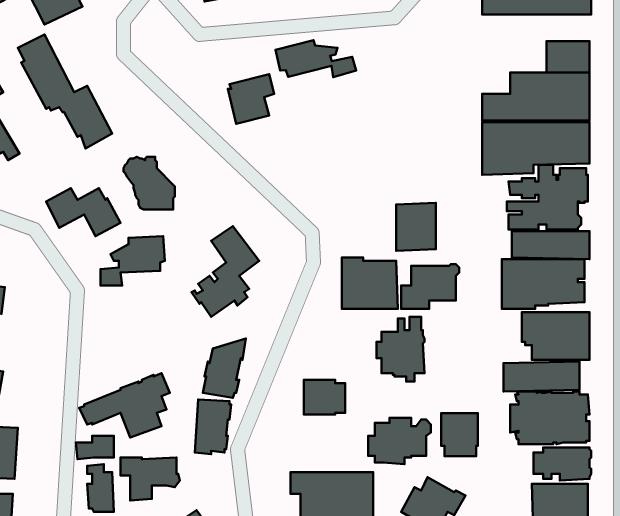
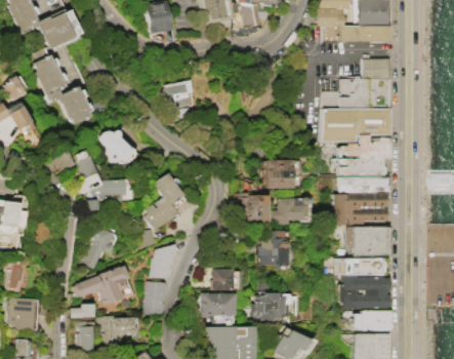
building: [275,40,356,77] -> none
building: none -> [82,224,116,269]
building: [441,413,478,456] -> none
building: none -> [200,292,235,319]

